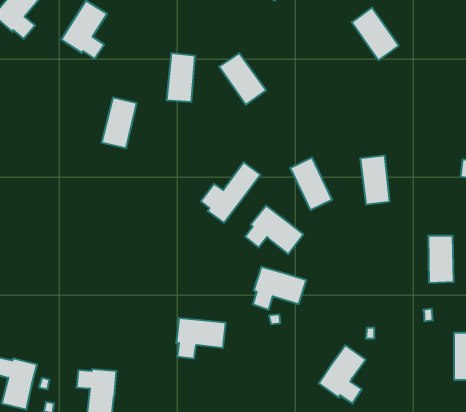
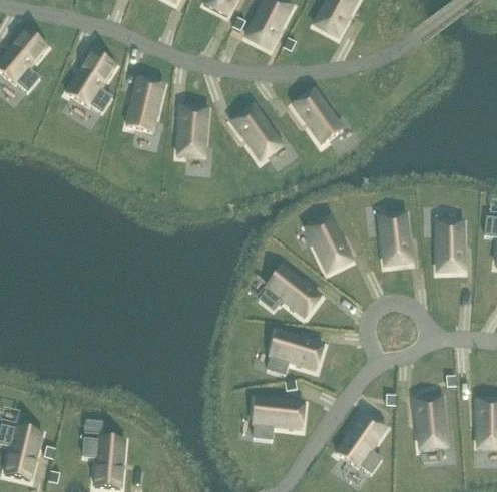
building: [352,8,399,60] -> [293,88,342,143]
building: [101,97,137,148] -> [126,77,163,130]
building: [201,162,260,223] -> none
building: [428,236,454,283] -> [436,220,463,270]
building: [176,318,226,358] -> [252,396,304,438]
building: none -> [415,395,445,446]

